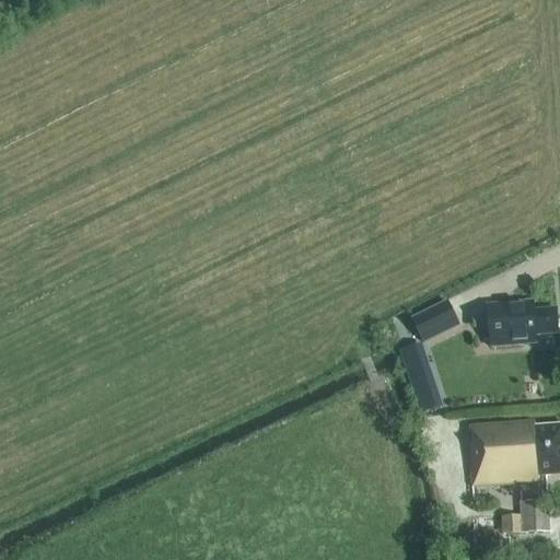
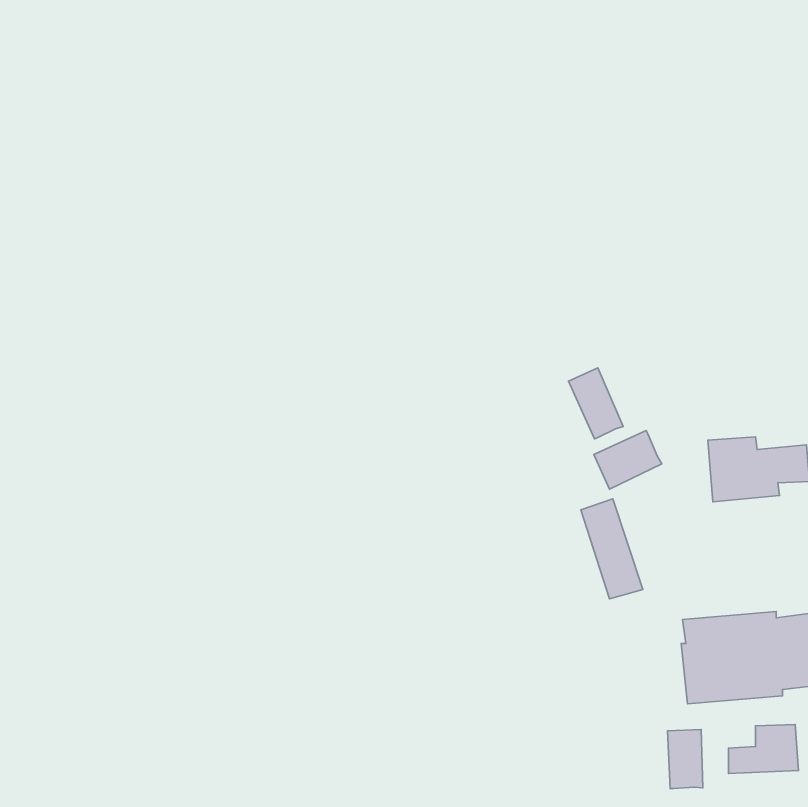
building: none -> [568,368,623,439]
building: none -> [668,729,703,789]

